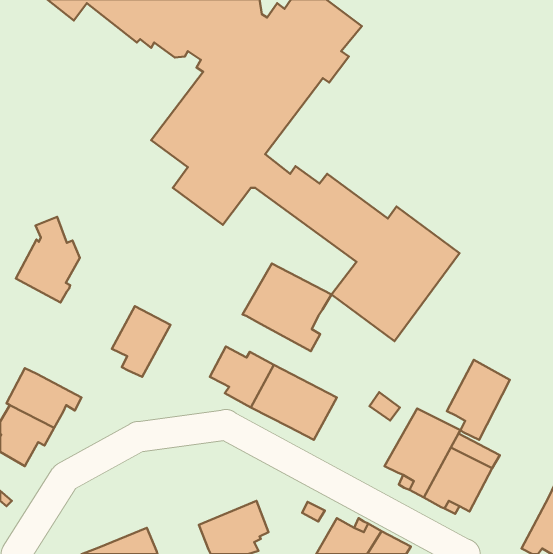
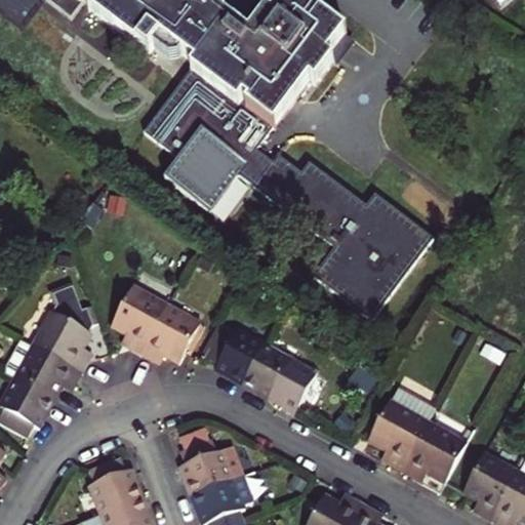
building: [16,217,80,303] -> [37,294,97,375]
building: [242,264,331,351] -> none
building: none -> [136,307,197,364]
building: [447,360,510,440] -> none
building: none -> [177,429,244,495]
building: none -> [463,451,520,518]
building: none -> [85,459,140,517]

